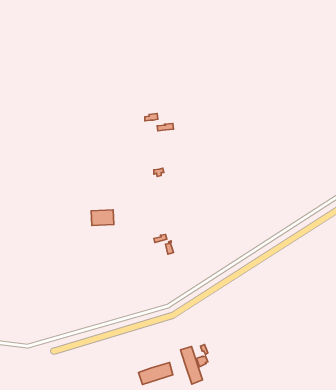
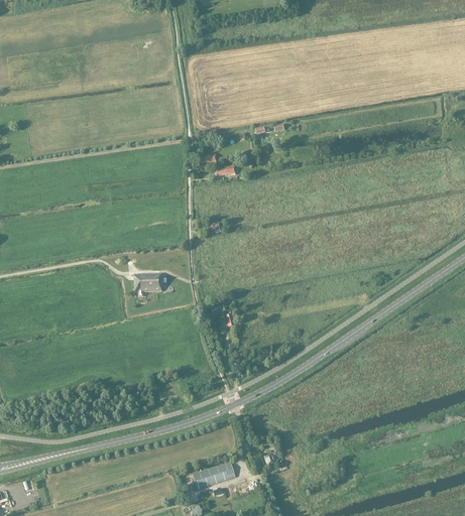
building: [181,347,202,384] -> none

